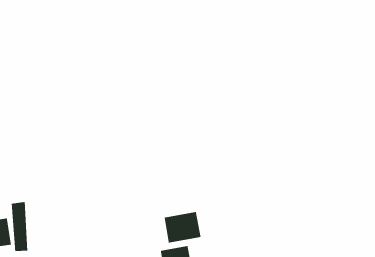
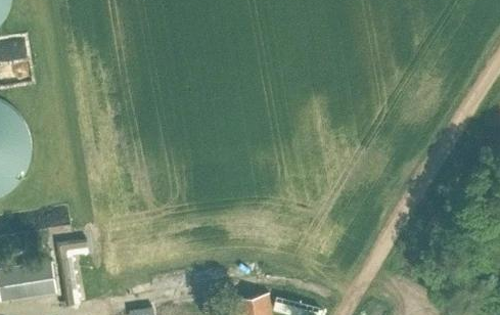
building: [163,211,201,244] -> none

